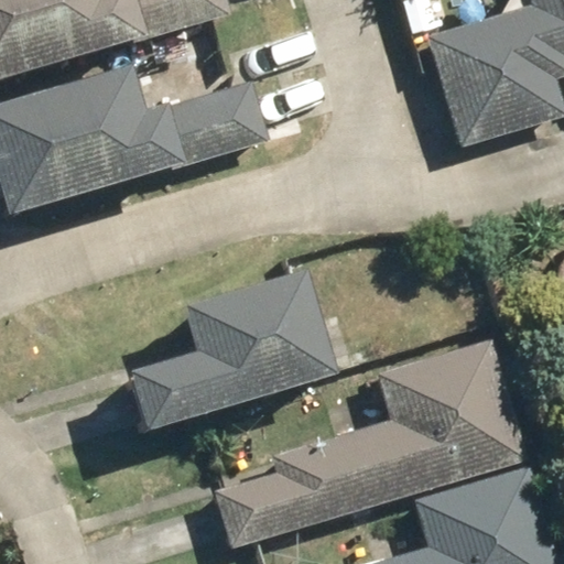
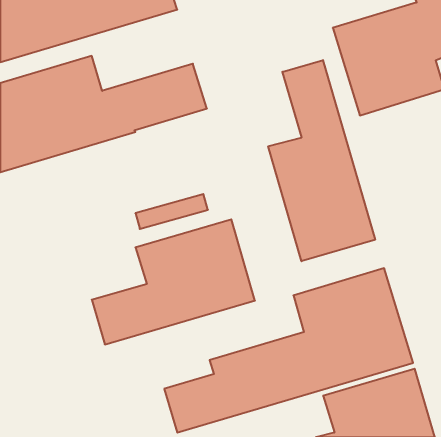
building: none -> [268,60,375,261]

